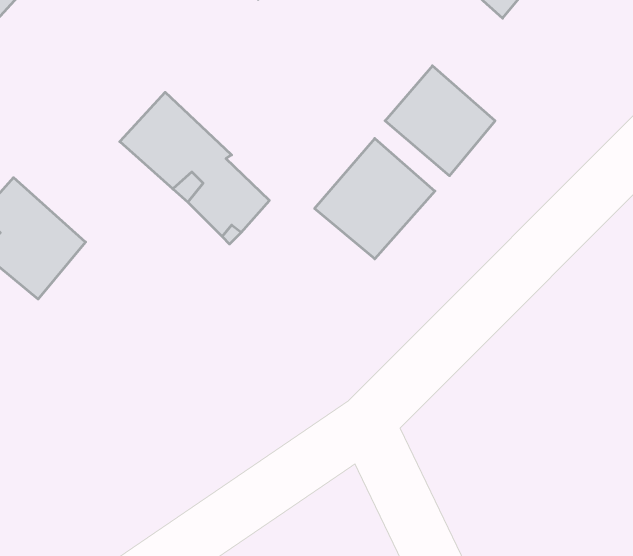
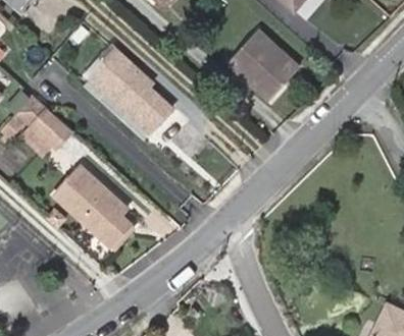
building: [315,138,435,259] -> none
building: none -> [54,165,135,250]

